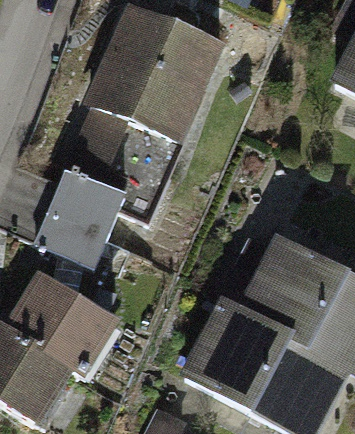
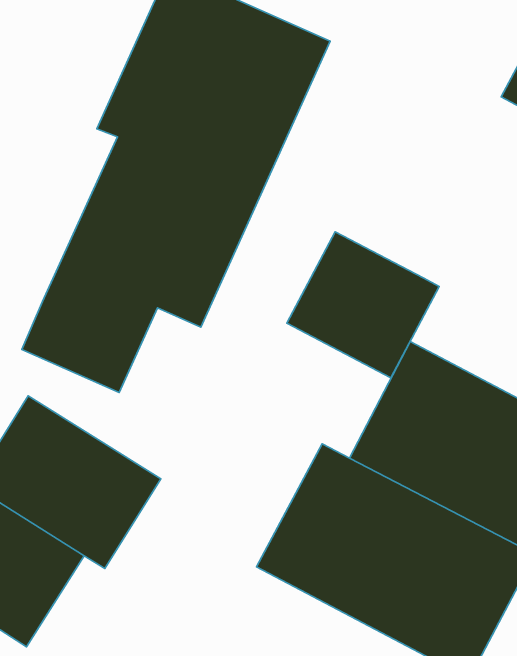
building: none -> [287,232,439,378]

